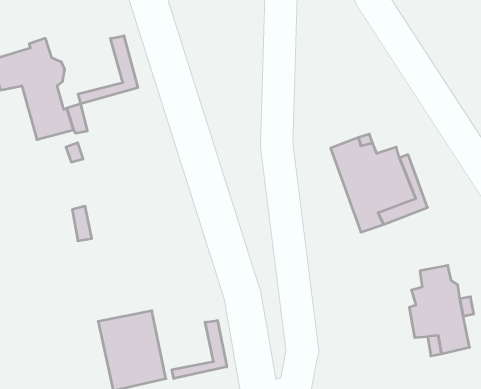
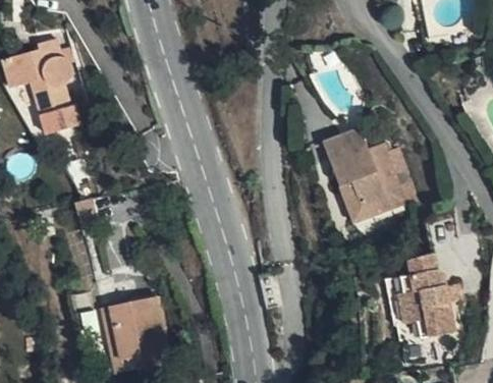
building: [78,36,138,104] -> none
building: [172,320,227,379] -> none

